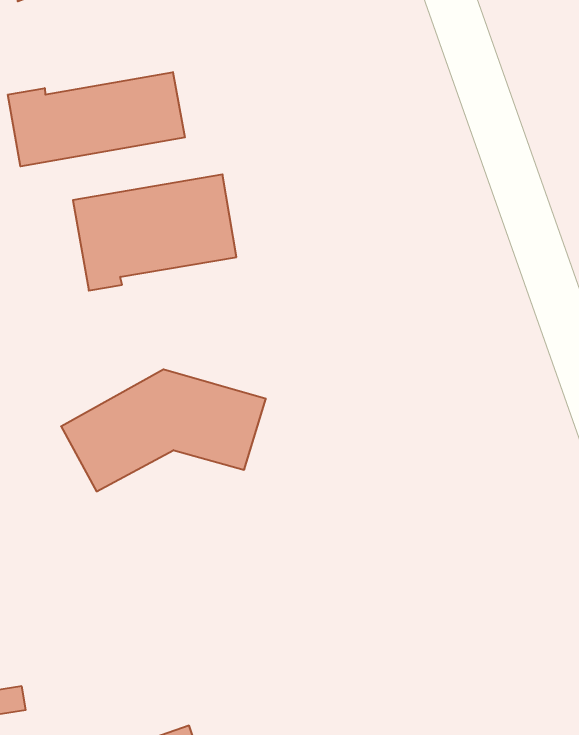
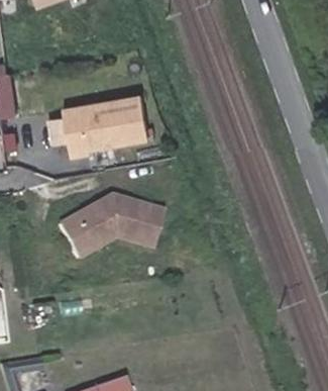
building: [8,72,185,166] -> none

